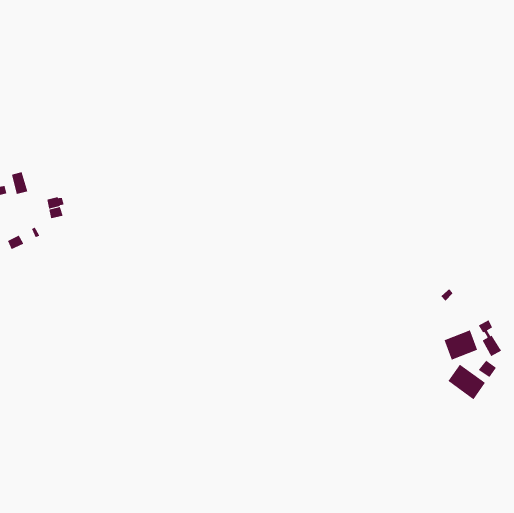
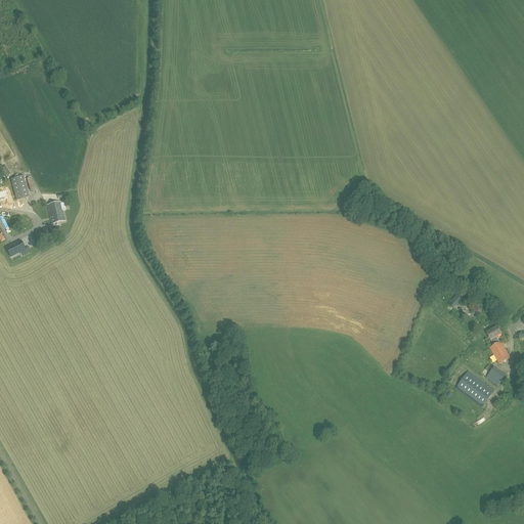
building: [444,330,478,360] -> none

